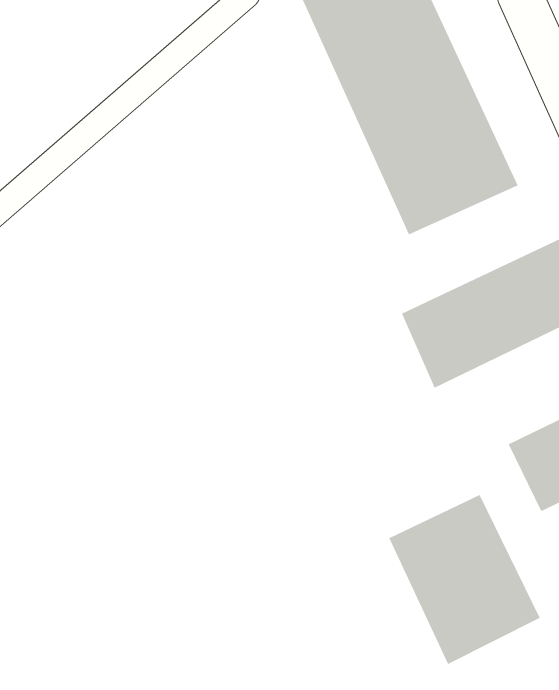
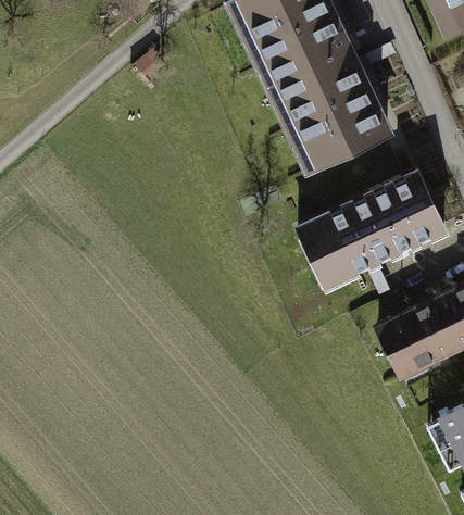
building: [388,494,541,665] -> none

